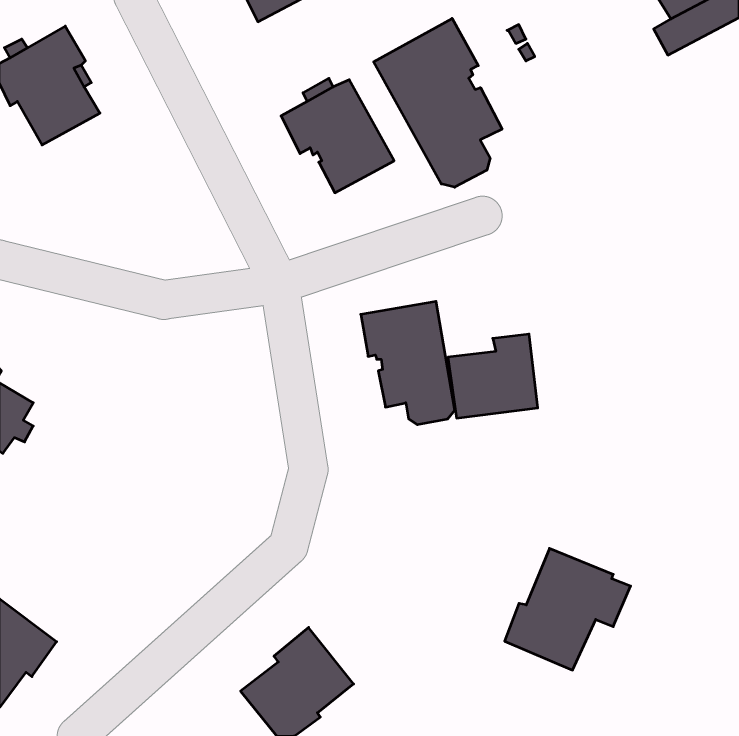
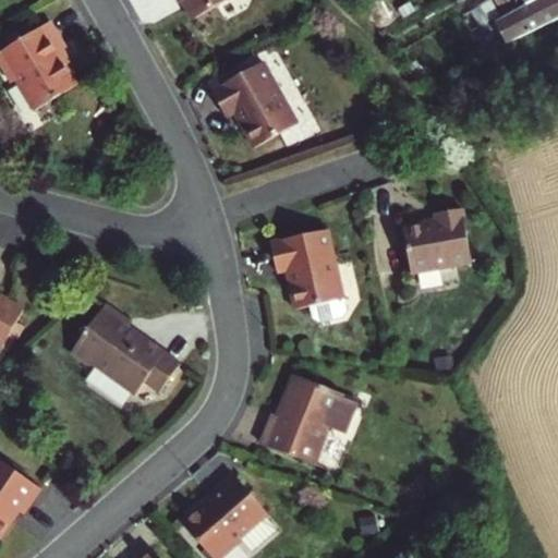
building: [374,18,502,187] -> none
building: [448,334,538,418] -> [403,213,471,276]
building: none -> [66,305,179,397]
building: [505,548,631,670] -> [263,375,357,466]

